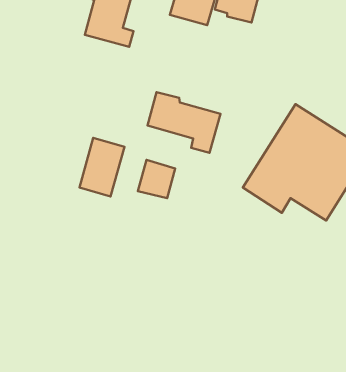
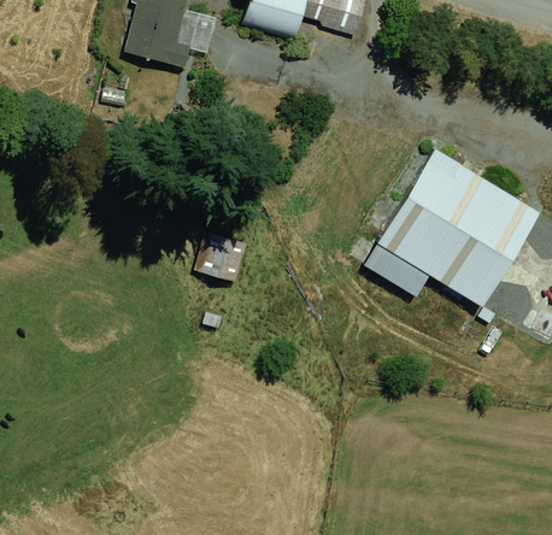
building: [147,92,221,153] -> none
building: [79,138,124,197] -> none

